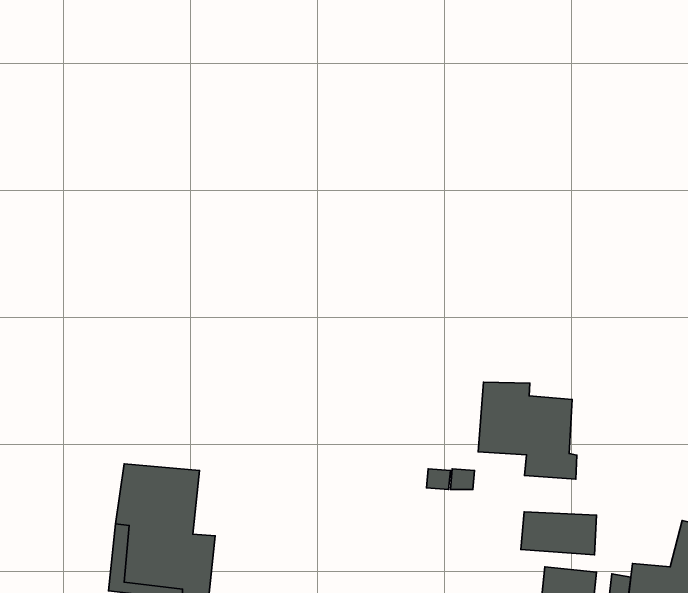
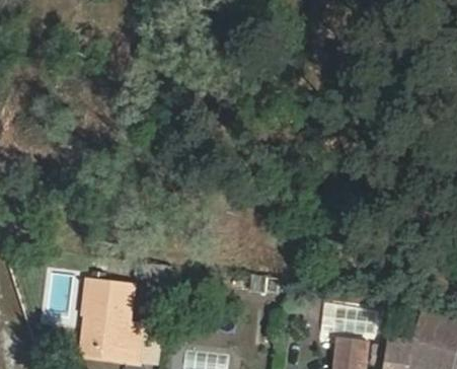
building: [478,382,577,479] -> none

